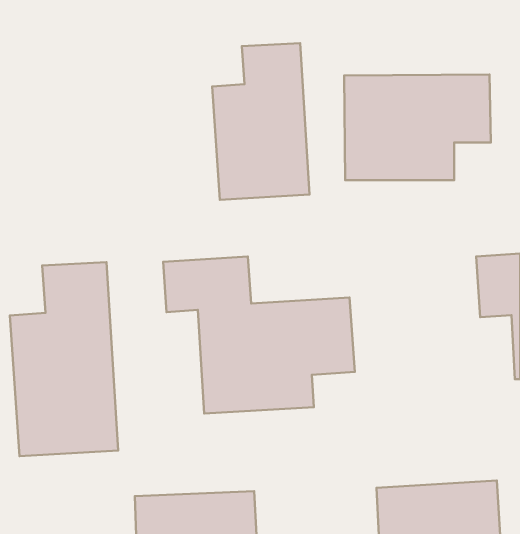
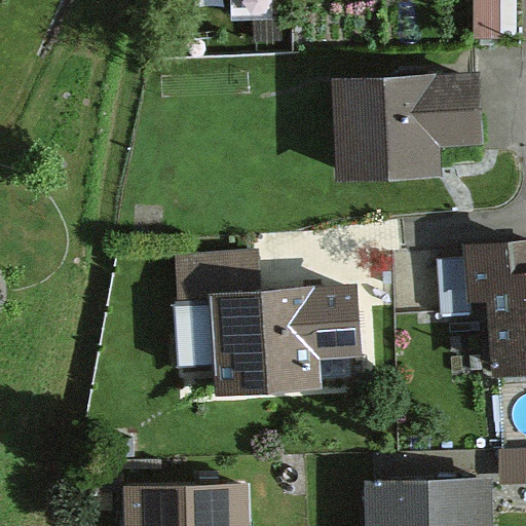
building: [212,43,309,200] -> none
building: [10,262,118,456] -> none

